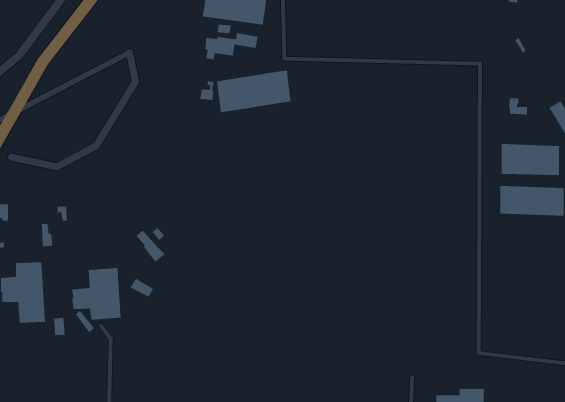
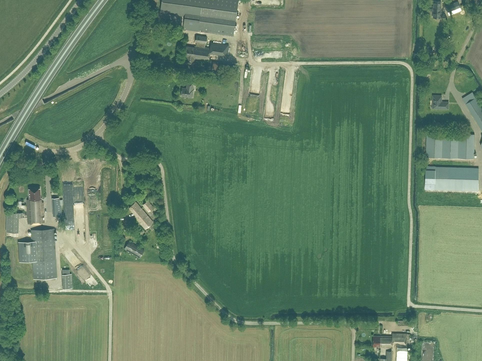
building: [216,69,291,113] -> none
building: none -> [27,188,44,223]
building: [71,267,121,321] -> none

